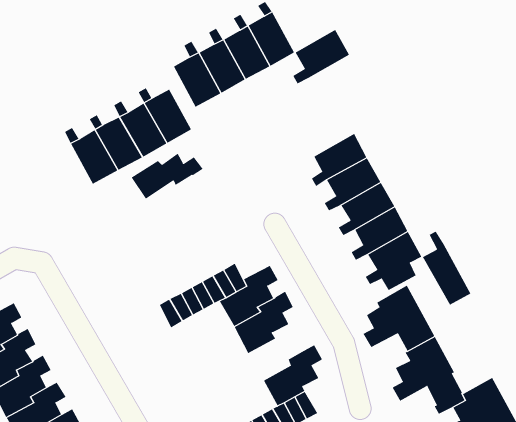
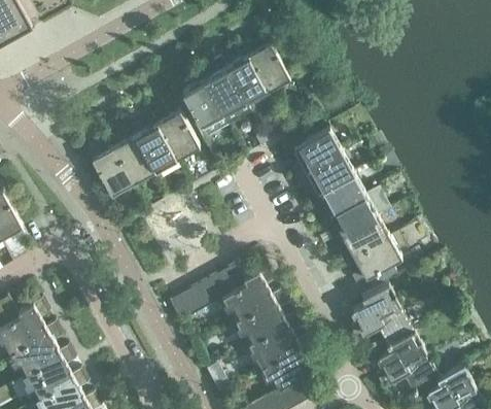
building: [292,29,350,84] -> [291,130,342,178]
building: [131,153,204,199] -> none
building: [422,231,471,306] -> none
building: none -> [248,315,301,371]

